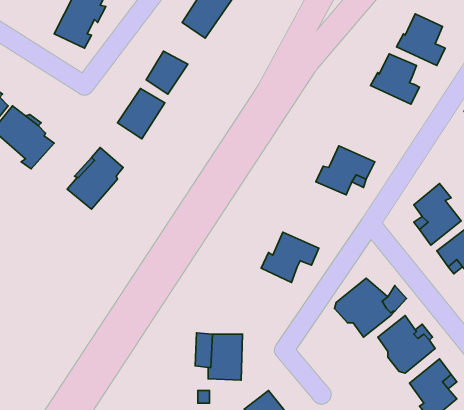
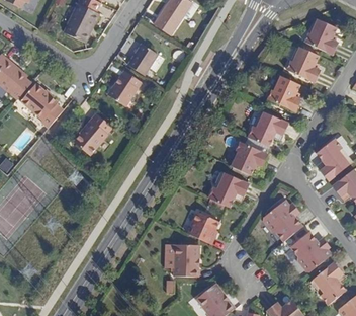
building: none -> [268,75,301,111]
building: none -> [232,141,269,175]
building: none -> [188,212,221,243]

